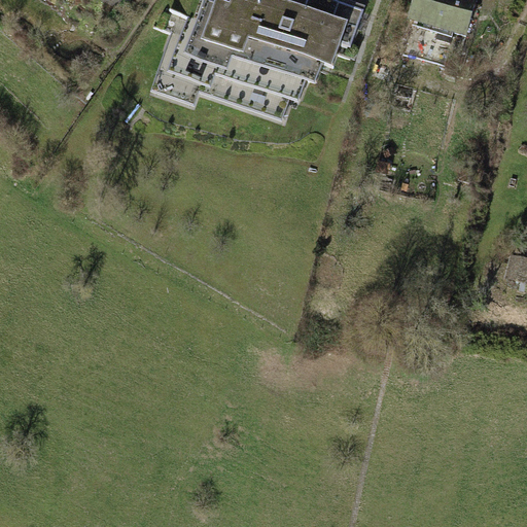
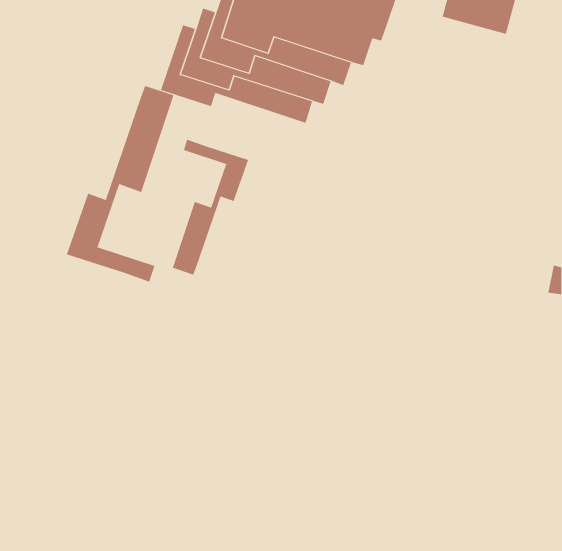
building: none -> [66,85,174,282]
building: none -> [172,139,249,276]

